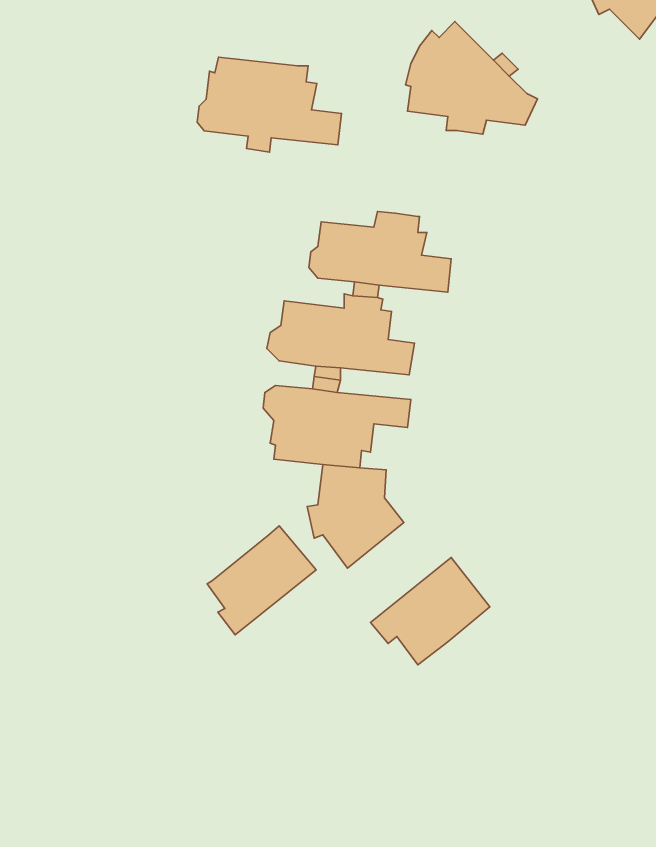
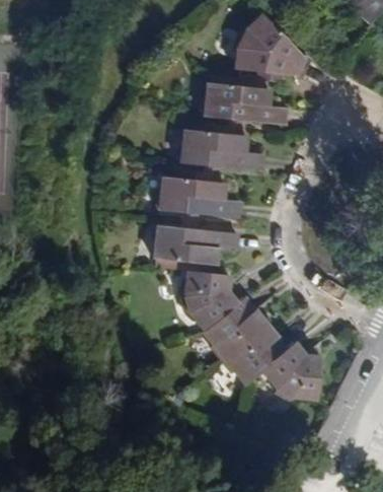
building: [197,57,341,152] -> [202,72,285,127]
building: [207,526,316,635] -> [200,298,262,361]
building: none -> [260,345,321,404]

